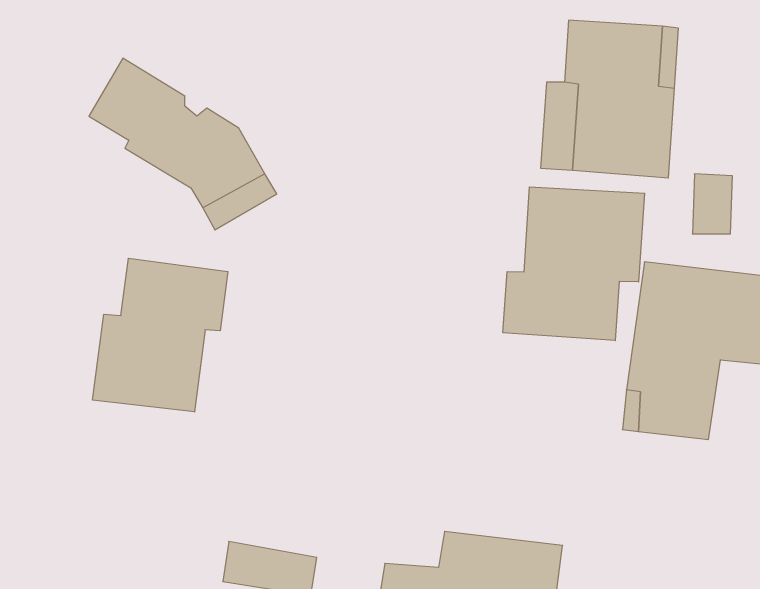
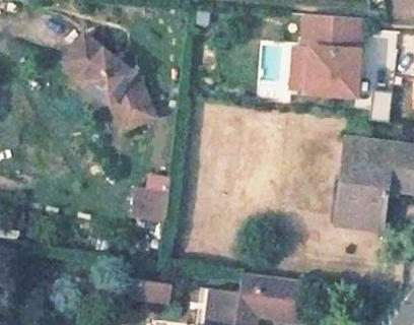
building: [503,187,645,341] -> none
building: [93,258,228,412] -> none
building: none -> [132,190,166,224]

